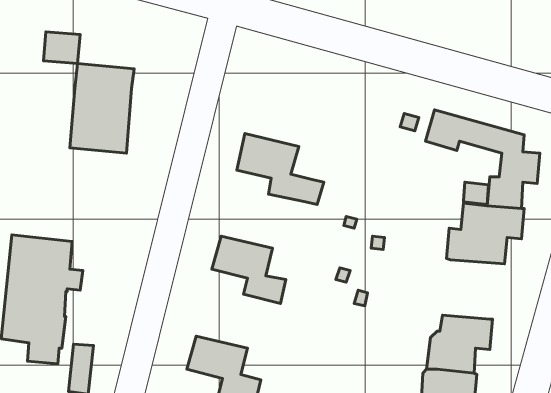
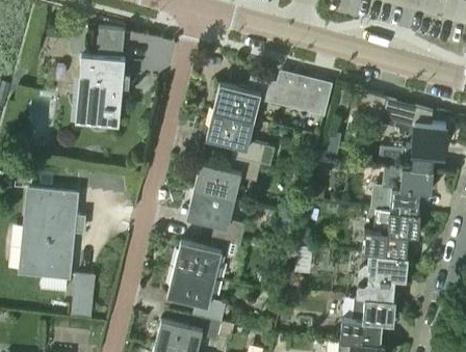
building: [43,32,80,64] -> [95,30,124,55]
building: none -> [212,72,333,120]
building: none -> [193,158,266,200]
building: none -> [362,210,420,256]
building: none -> [174,237,240,279]

